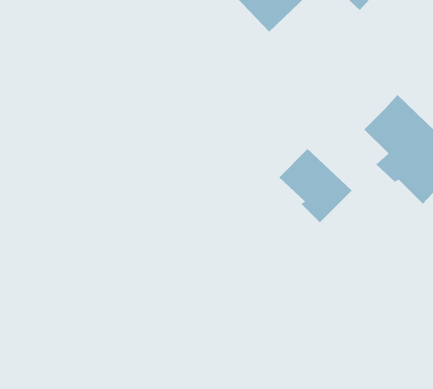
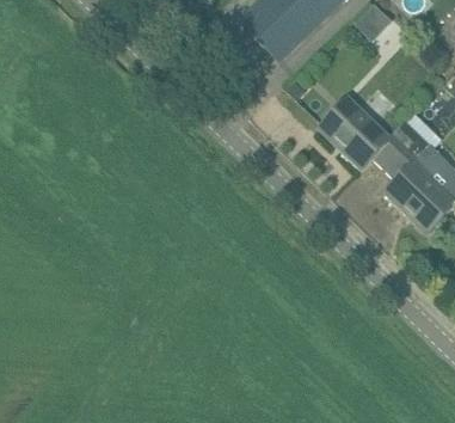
building: [279,148,352,223] -> [321,94,394,168]

